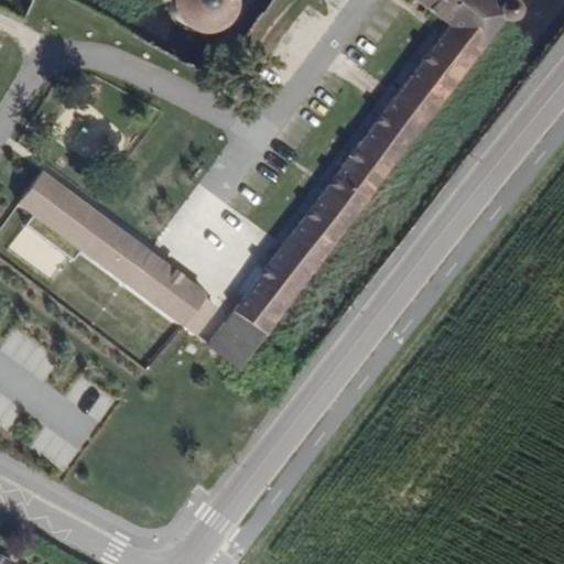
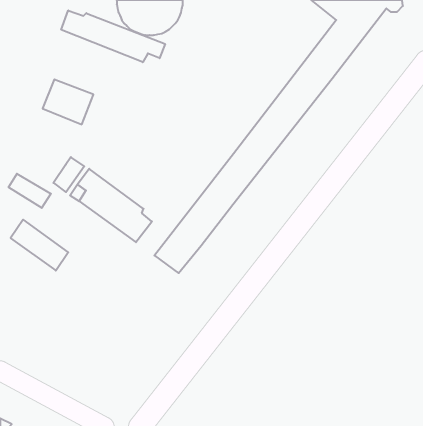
building: none -> [61,10,165,62]
building: [15,175,91,242] -> [11,220,68,271]

